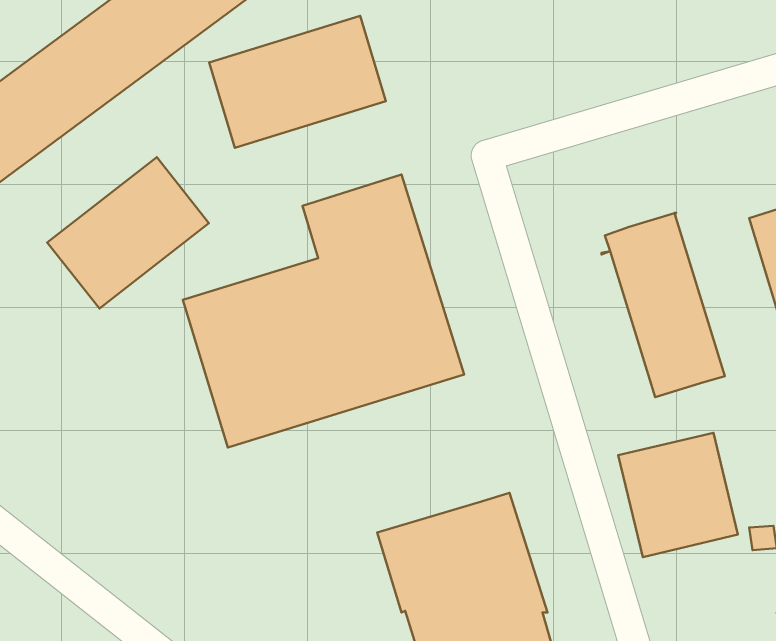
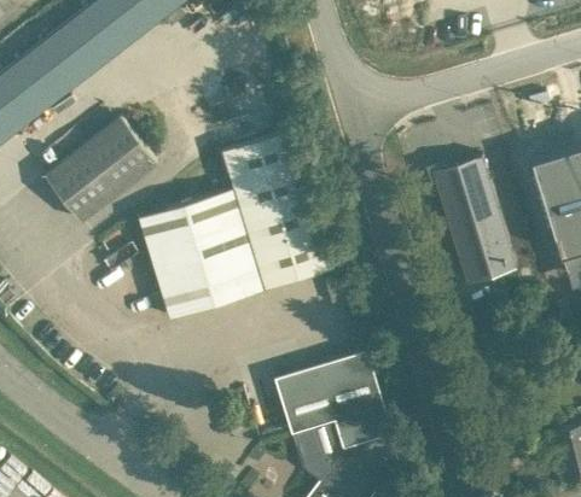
building: [209,16,386,148] -> none
building: [618,433,738,557] -> none

